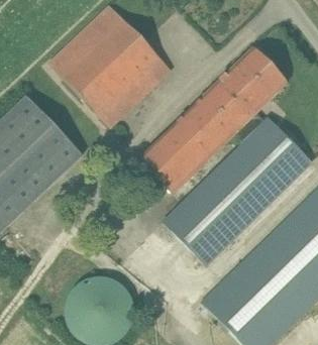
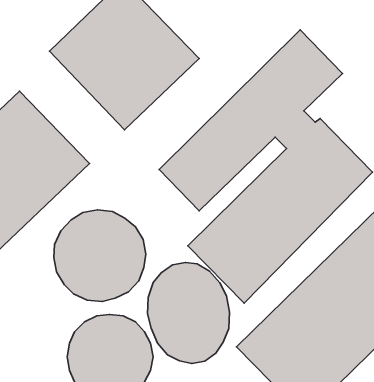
building: none -> [54,210,146,302]
building: none -> [147,262,230,364]

